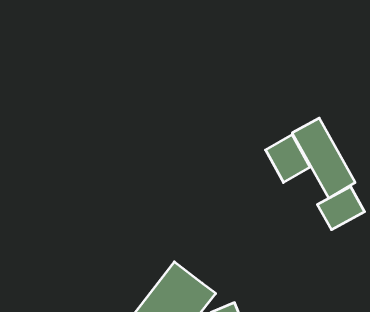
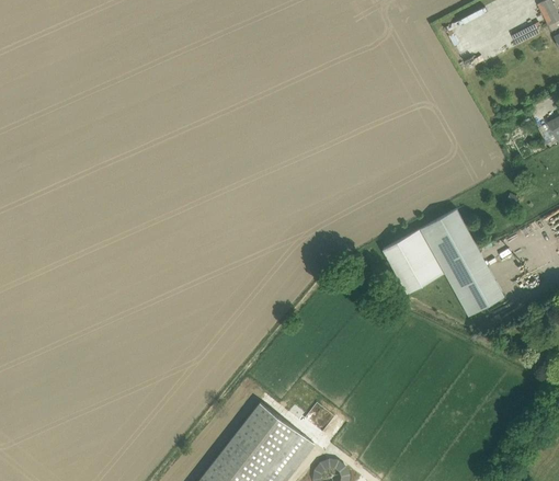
building: [317,186,365,230] -> none

